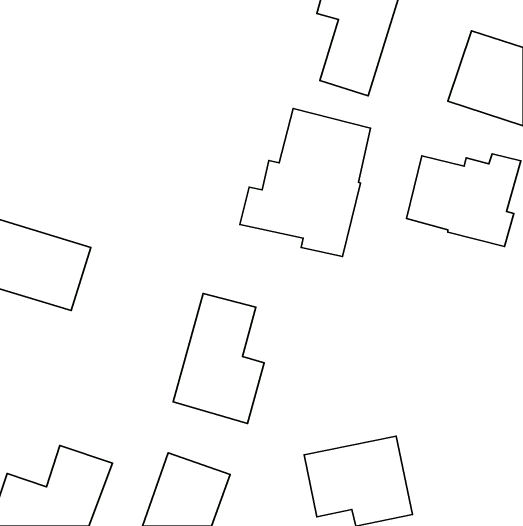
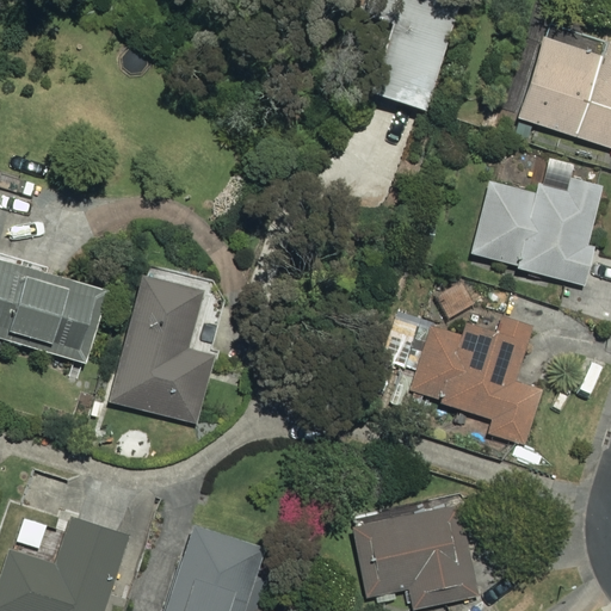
building: [240,109,371,257] -> none
building: none -> [408,315,541,444]
building: [173,294,264,424] -> [110,274,215,425]

